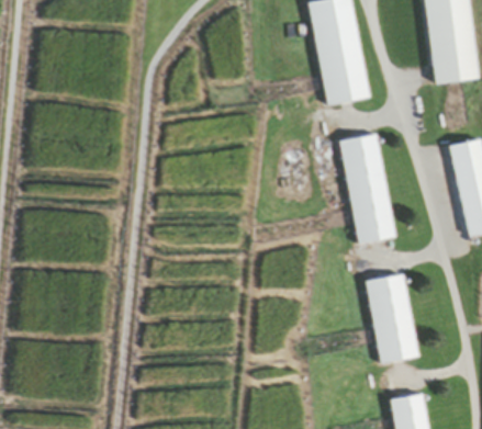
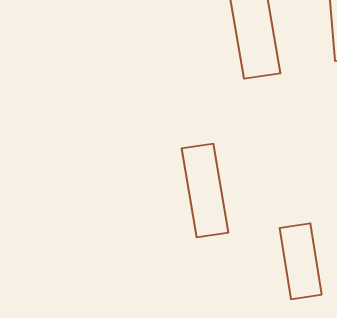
building: [340,134,395,244] -> [182,144,228,237]

